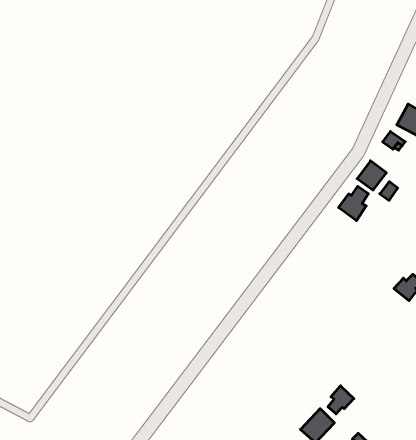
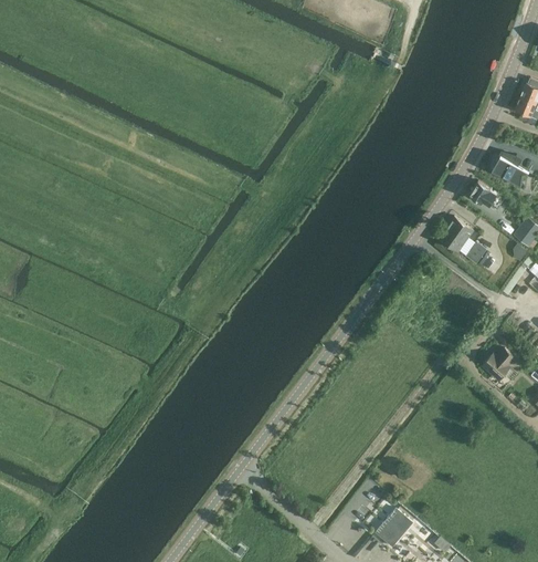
building: [339,186,368,221] -> none
building: [328,386,354,414] -> none

